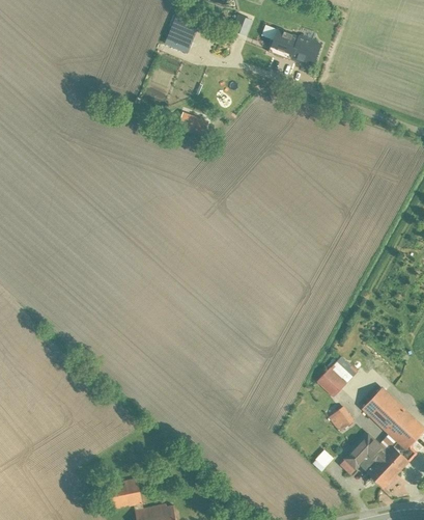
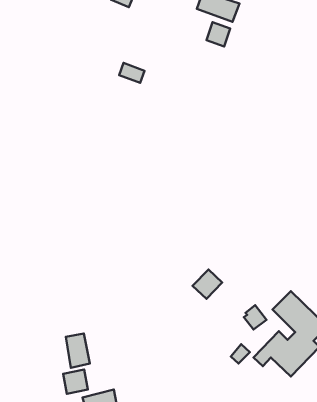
building: none -> [207,22,230,47]
building: [316,362,351,398] -> [193,269,222,299]
building: none -> [66,333,90,368]

